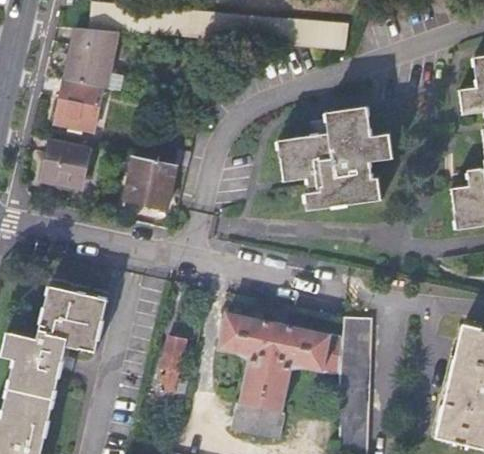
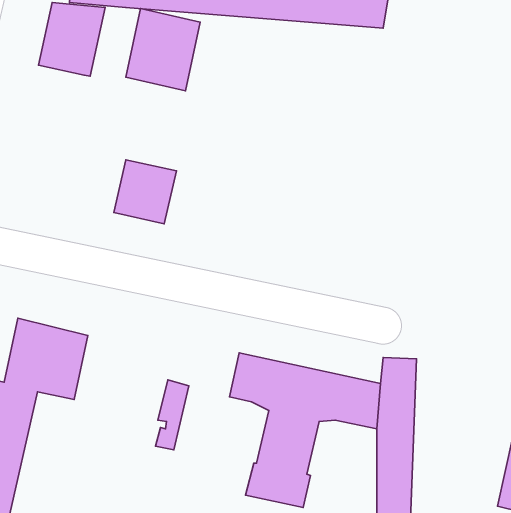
building: none -> [126,9,200,91]
building: [55,79,101,131] -> none
building: [279,109,394,211] -> none
building: [42,138,90,187] -> none

